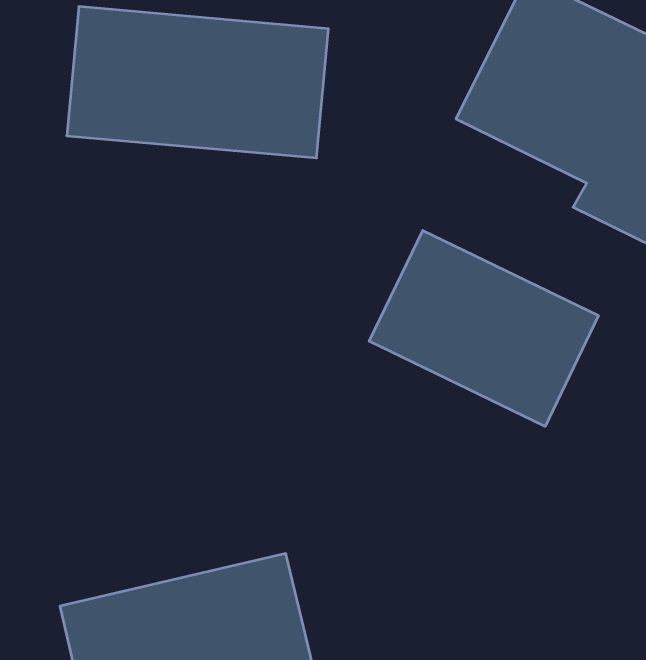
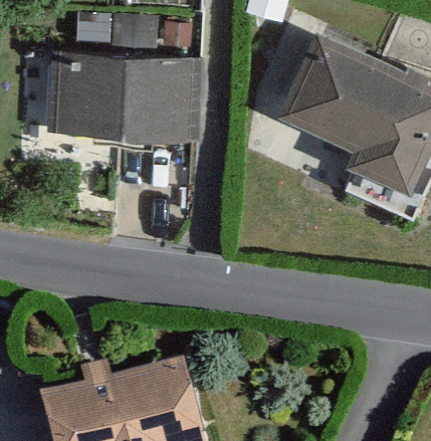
building: [369,230,598,426] -> none

